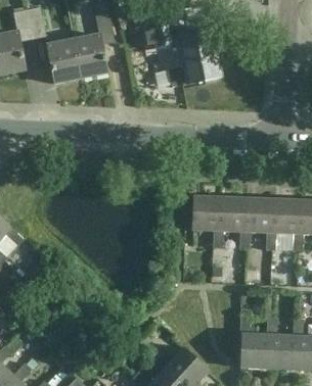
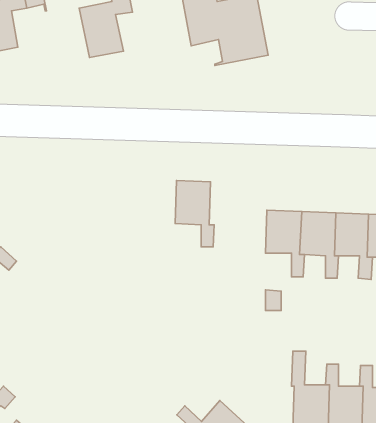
building: [46,38,81,82] -> none
building: [192,195,223,247] -> [175,180,214,247]

